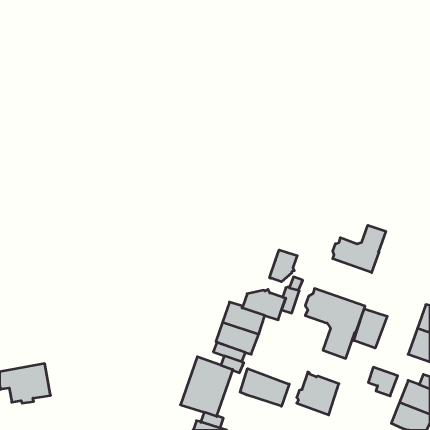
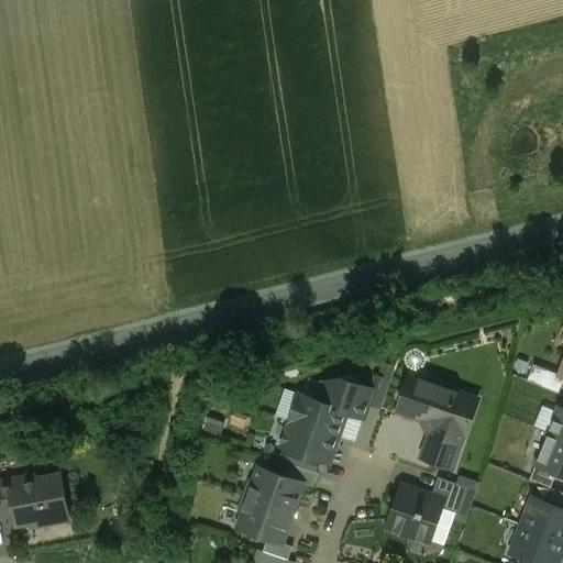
building: [333,225,386,273] -> none
building: [270,250,297,282] -> none
building: [354,309,387,348] -> none
building: [368,367,398,396] -> [430,477,468,515]
building: [240,369,289,406] -> none

